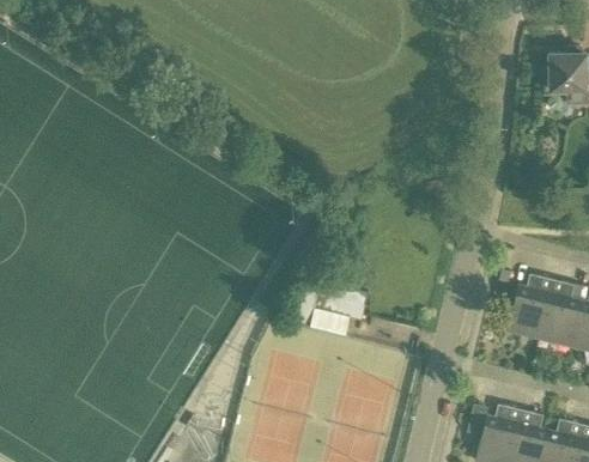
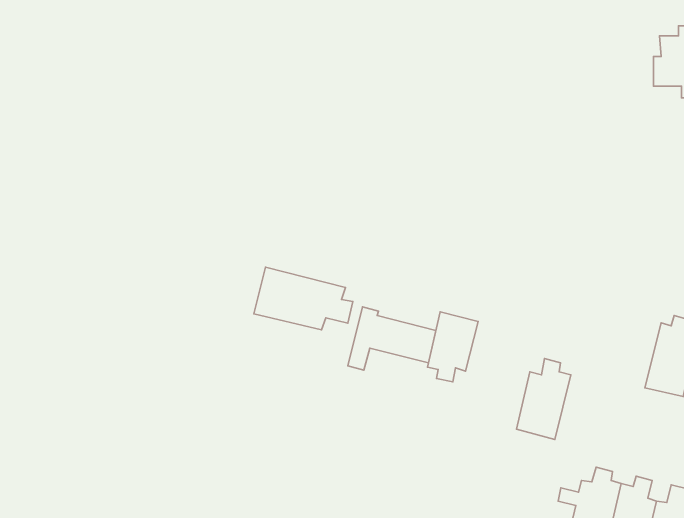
building: none -> [254,267,353,330]
building: [509,273,553,339] -> [517,358,571,439]
building: none -> [428,312,478,382]

